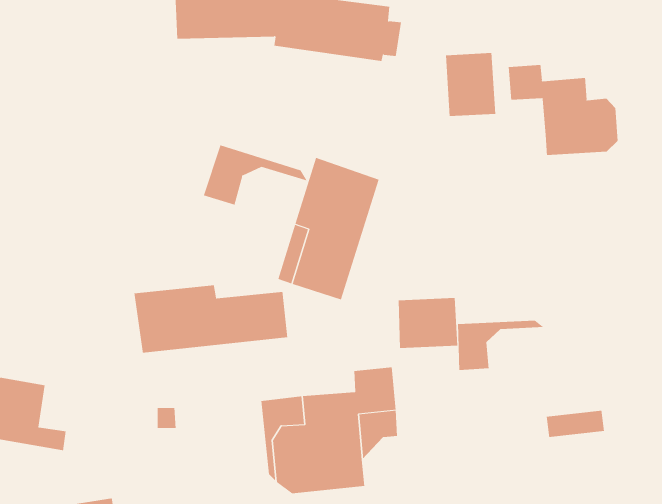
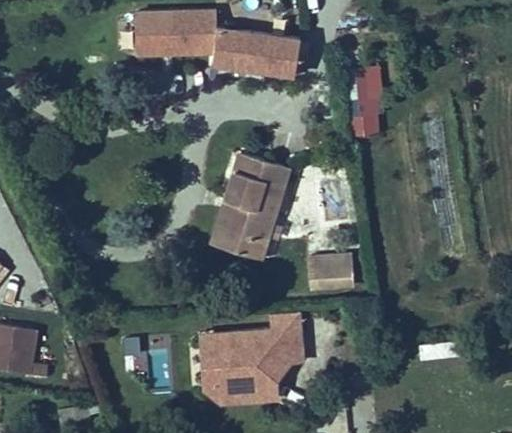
building: [508,64,618,156] -> none
building: [203,144,308,205] -> none
building: [134,284,288,354] -> none
building: [457,320,545,371] -> none

